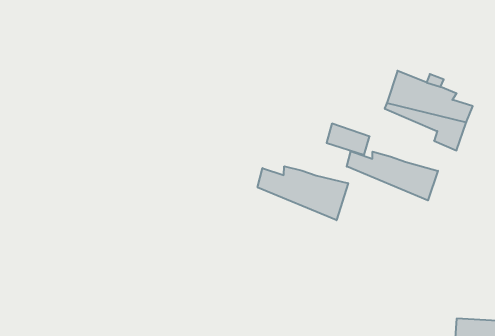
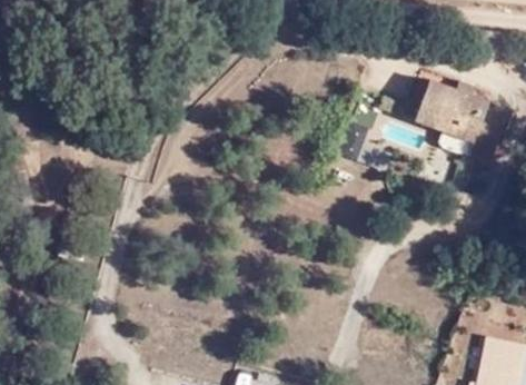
building: [347,151,438,200] -> none
building: [258,166,348,220] -> none

